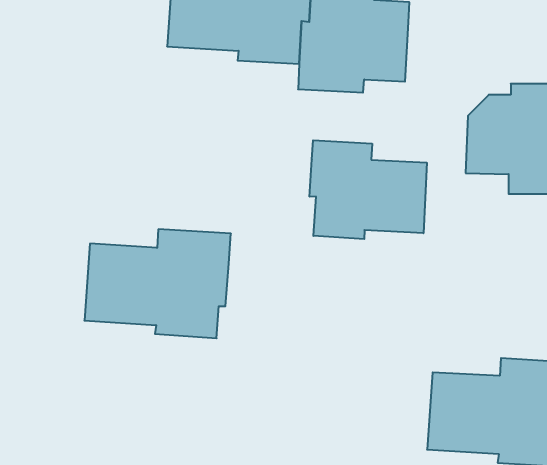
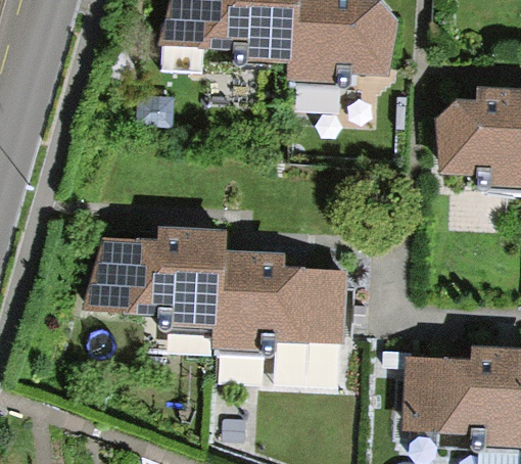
building: [310,140,427,239] -> none
building: none -> [208,252,351,357]

